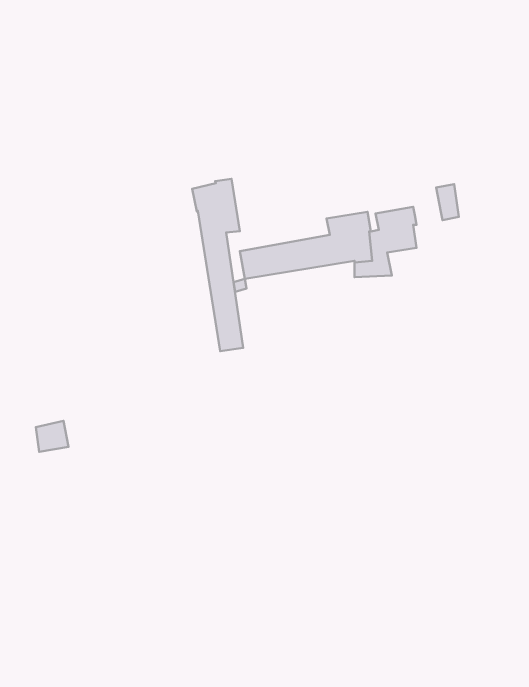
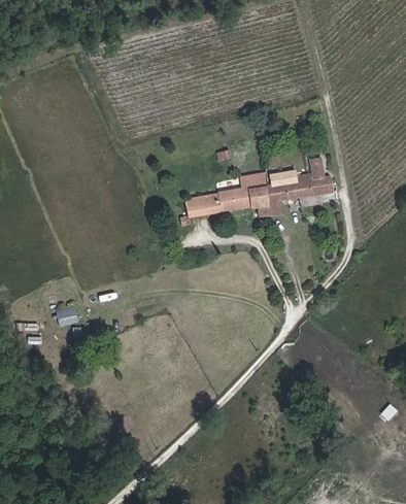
building: [192,179,243,351] -> none
building: none -> [295,176,333,197]

